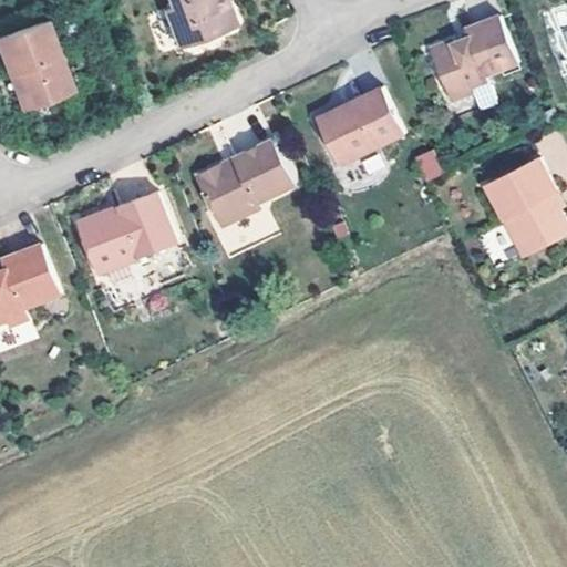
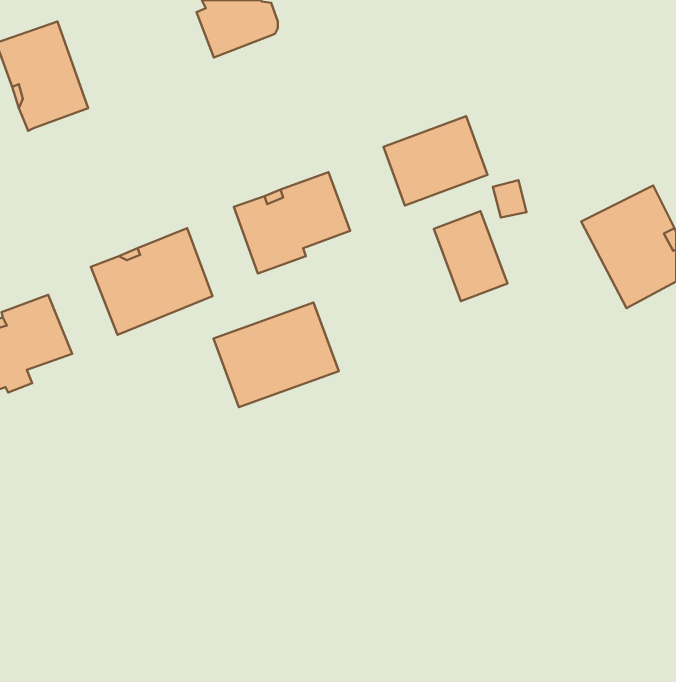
building: [432,20,515,102] -> none
building: none -> [434,211,507,301]
building: none -> [213,302,339,407]

